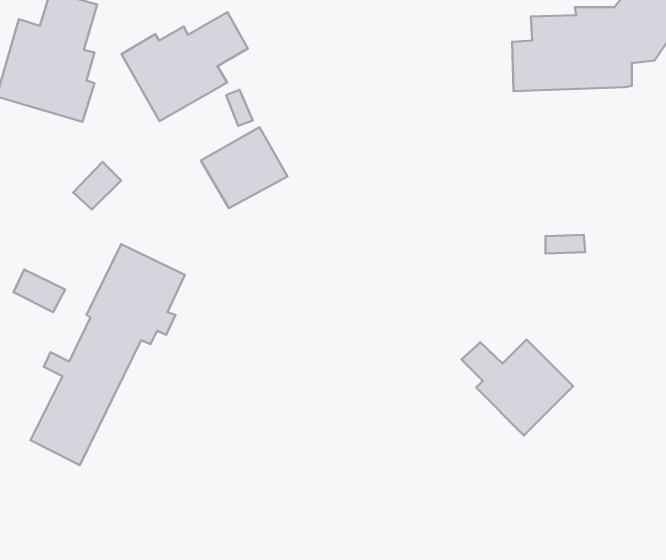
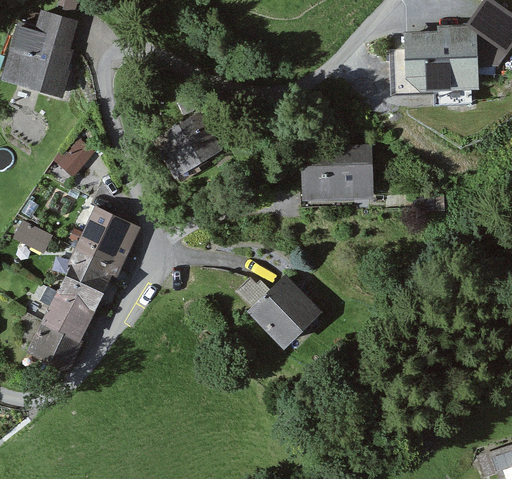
building: [122,12,248,121] -> none
building: none -> [278,144,374,208]
building: [461,339,573,435] -> [236,277,320,349]

